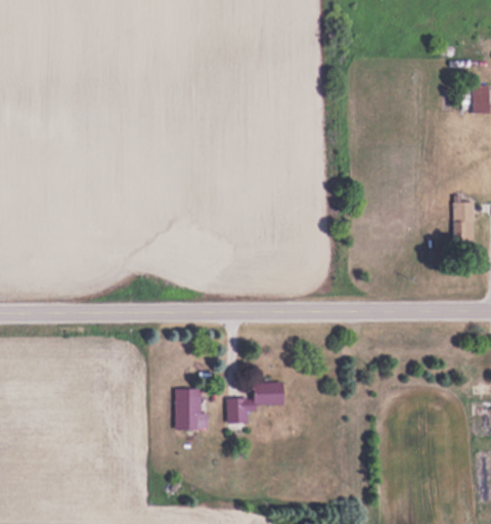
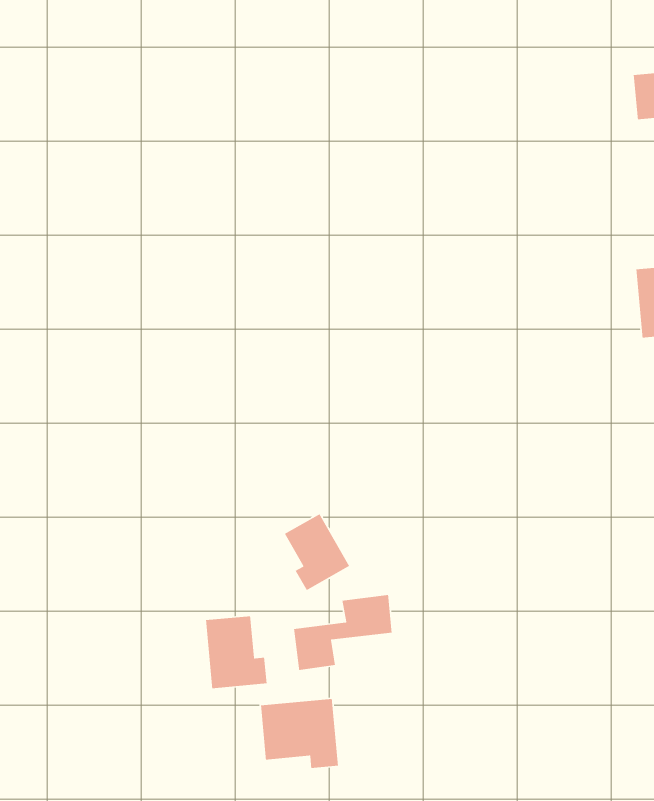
building: none -> [284,513,350,591]
building: none -> [260,698,339,769]

